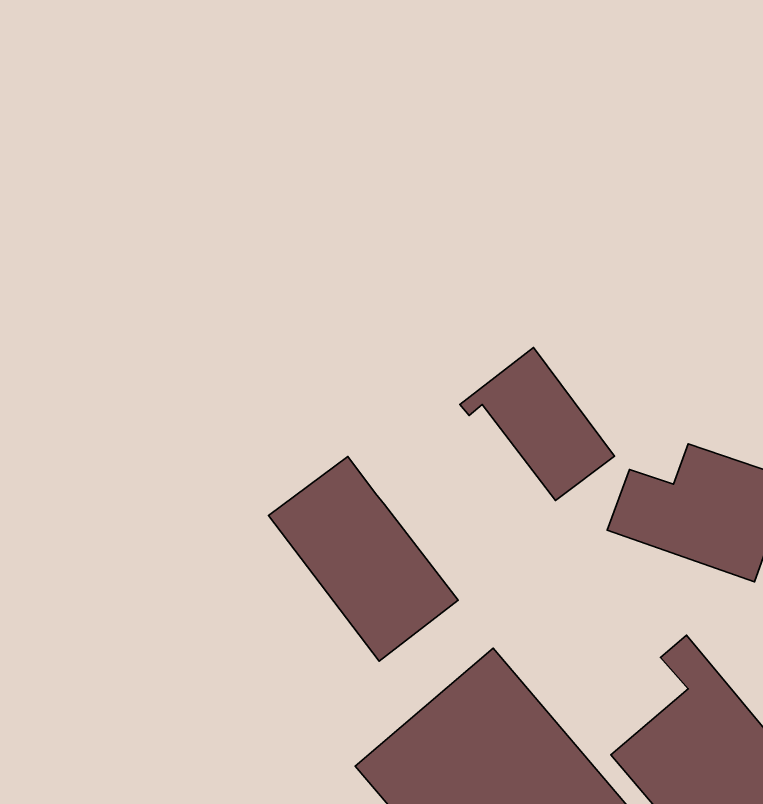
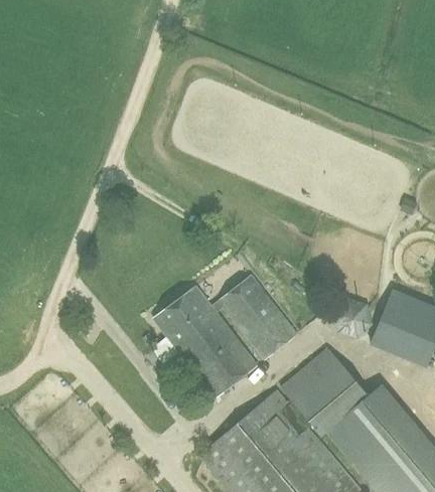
building: [460,347,615,500] -> [212,276,297,359]
building: none -> [282,349,384,450]

